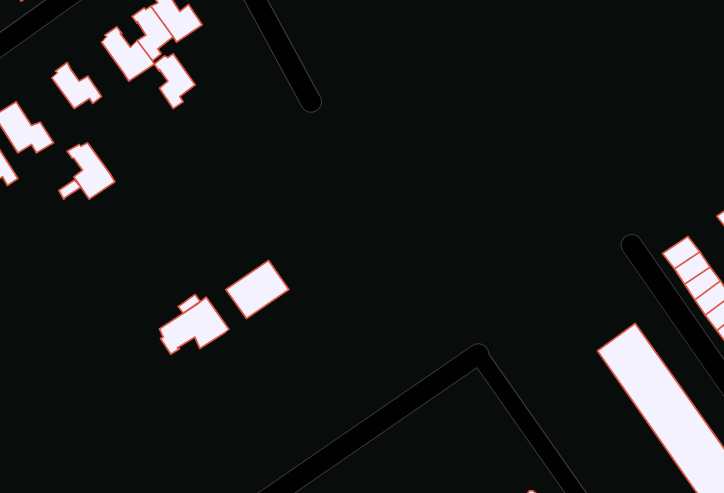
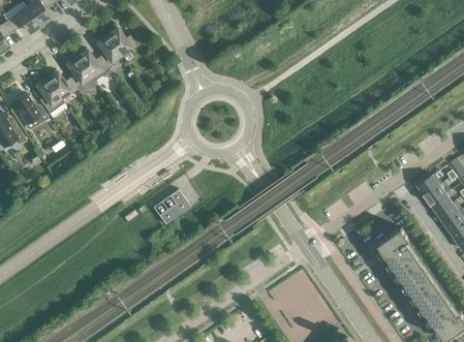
building: [154,54,195,109] -> [65,58,90,91]
building: [67,143,115,199] -> [34,80,63,114]
building: [159,297,229,354] -> none

